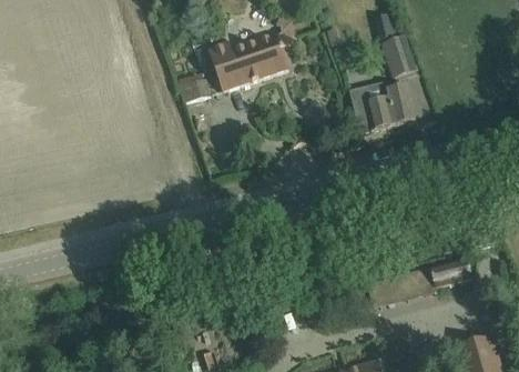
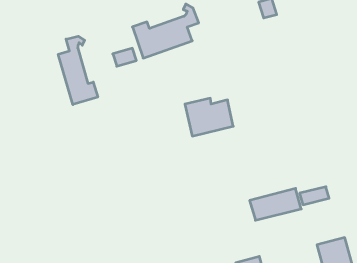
building: [385,36,418,76] -> none
building: none -> [58,36,98,105]
building: [349,79,415,130] -> [185,98,233,136]

